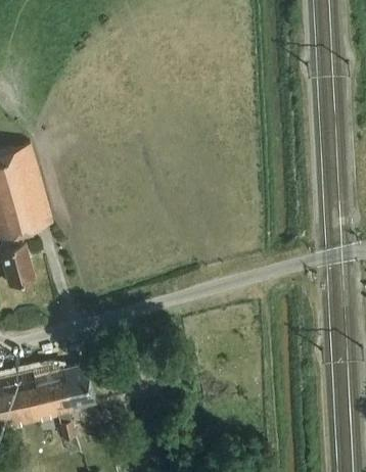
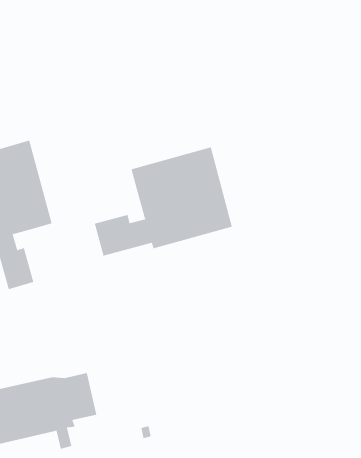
building: none -> [94,146,232,257]

